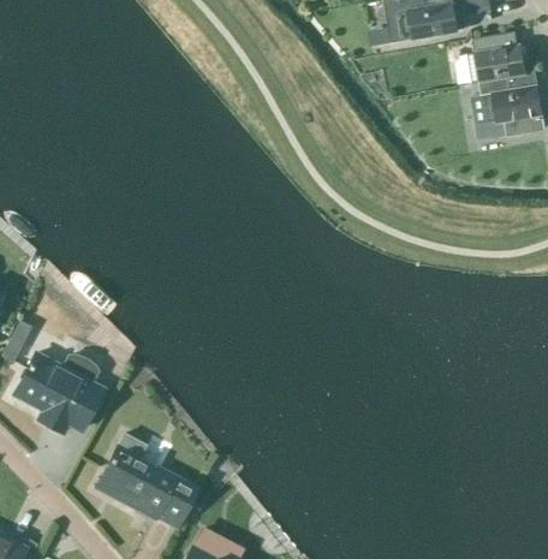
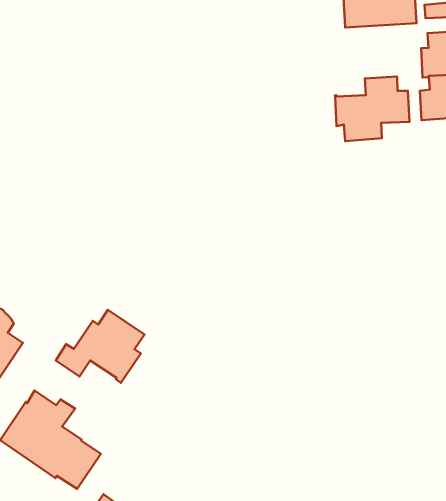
building: none -> [335,77,409,141]
building: none -> [56,310,144,383]

